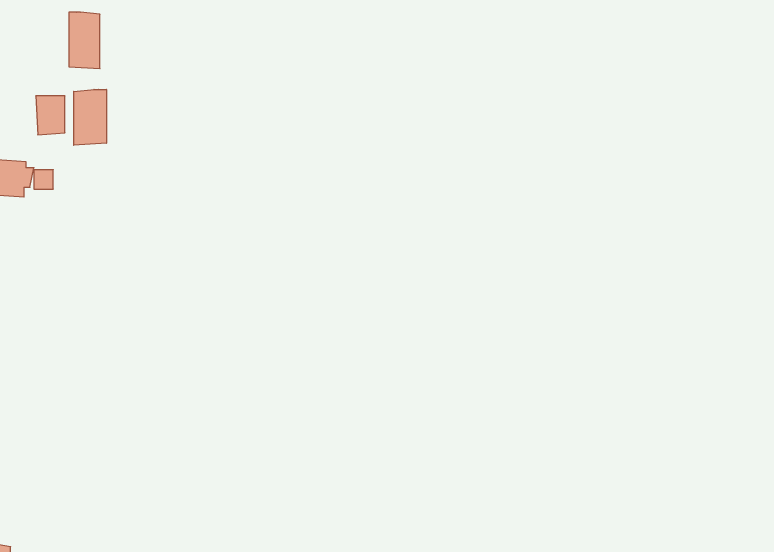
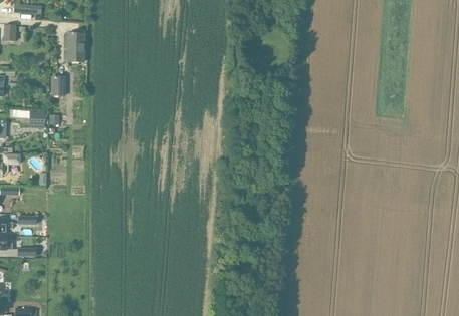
building: [74,89,106,145] -> none

